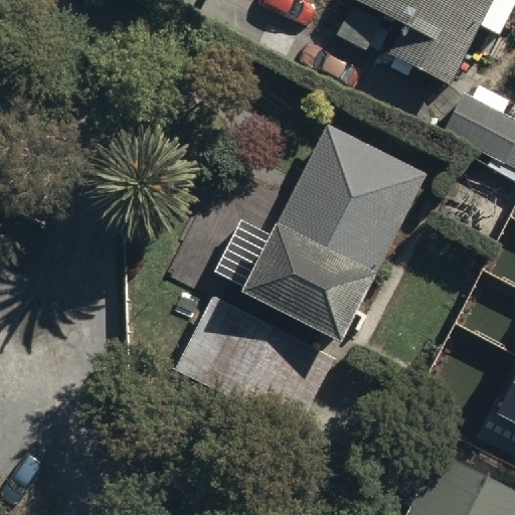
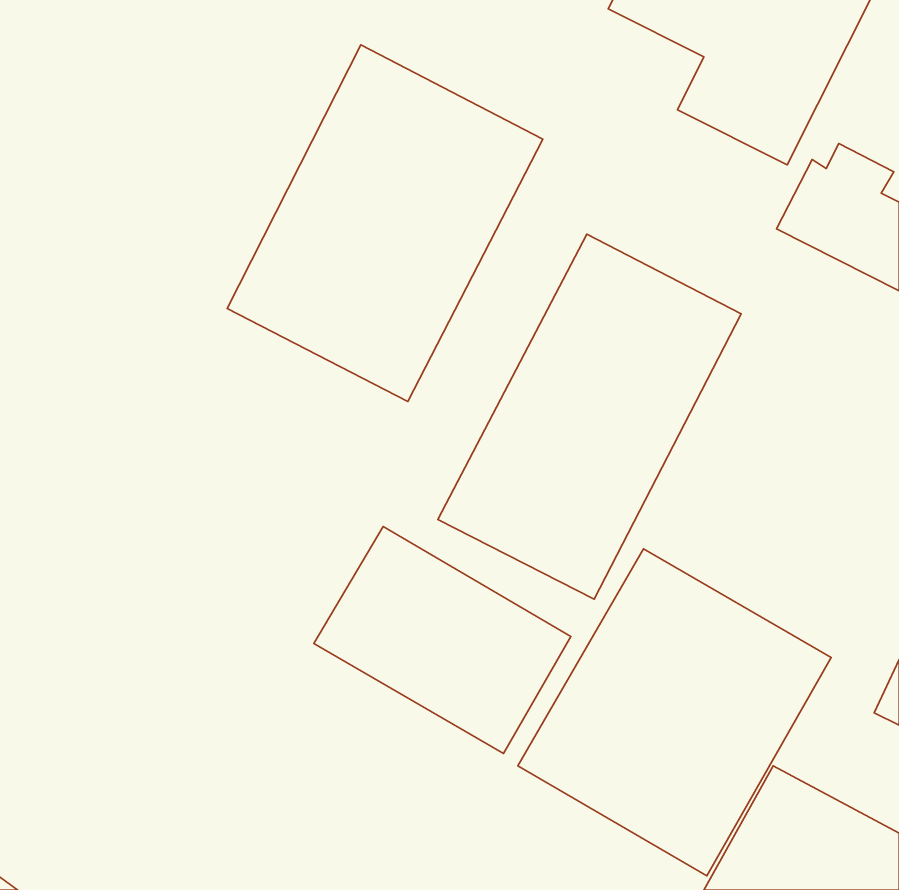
building: none -> [227,45,543,401]
building: none -> [518,549,831,876]

